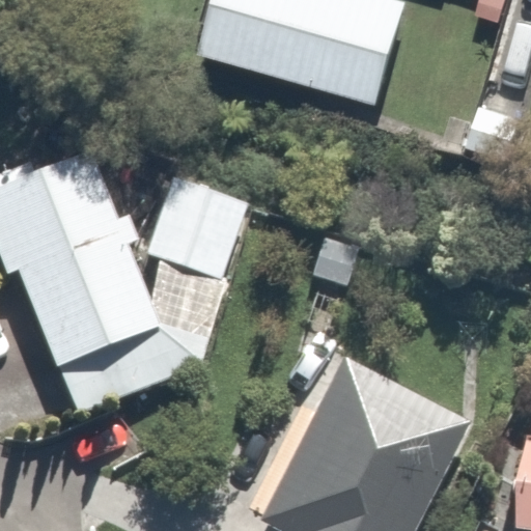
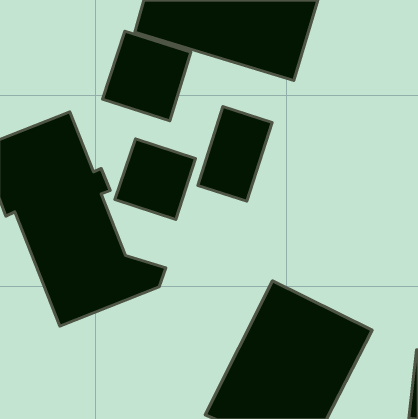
building: none -> [103,31,191,121]
building: none -> [198,107,272,201]

